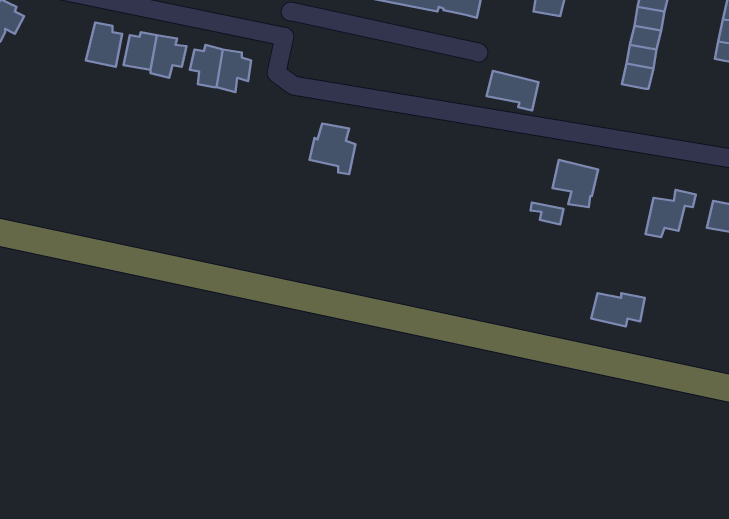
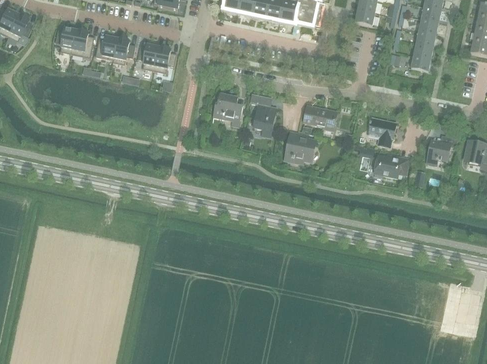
building: none -> [55,26,77,52]
building: [487,71,539,110] -> [303,104,336,129]
building: none -> [250,93,276,136]
building: none -> [286,130,314,159]
building: [591,293,645,326] -> [374,154,408,175]

